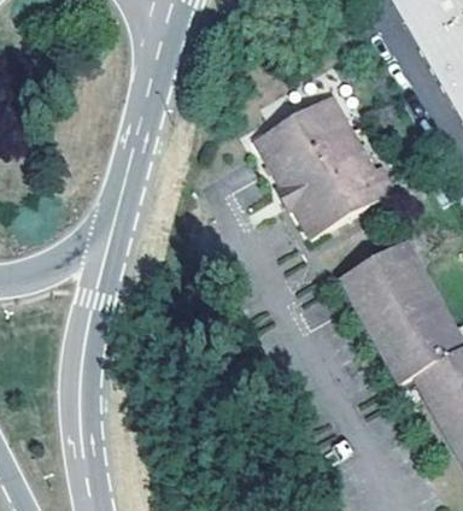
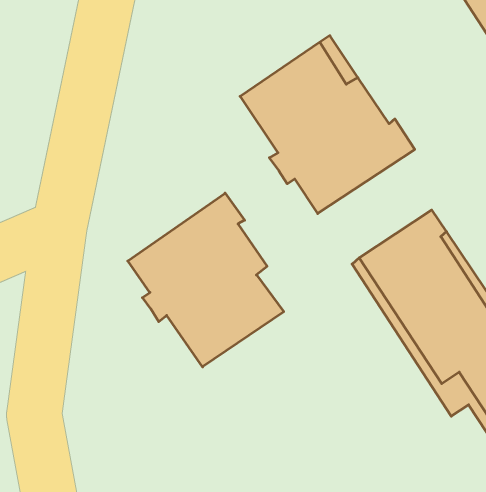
building: none -> [128,193,284,367]

